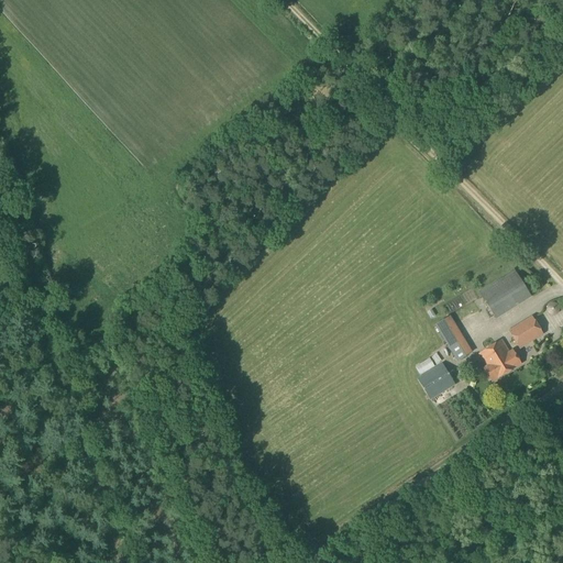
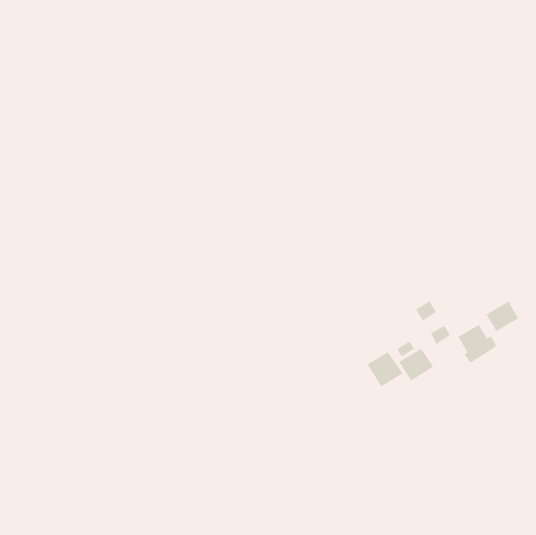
building: [479,268,530,314] -> none
building: none -> [366,351,403,388]

